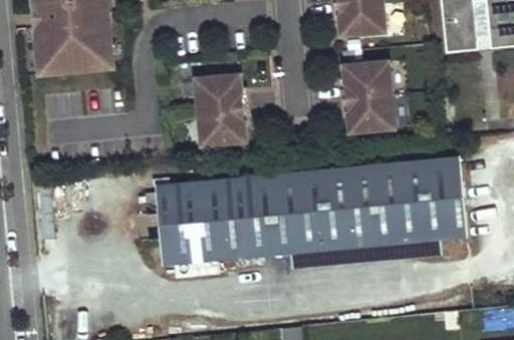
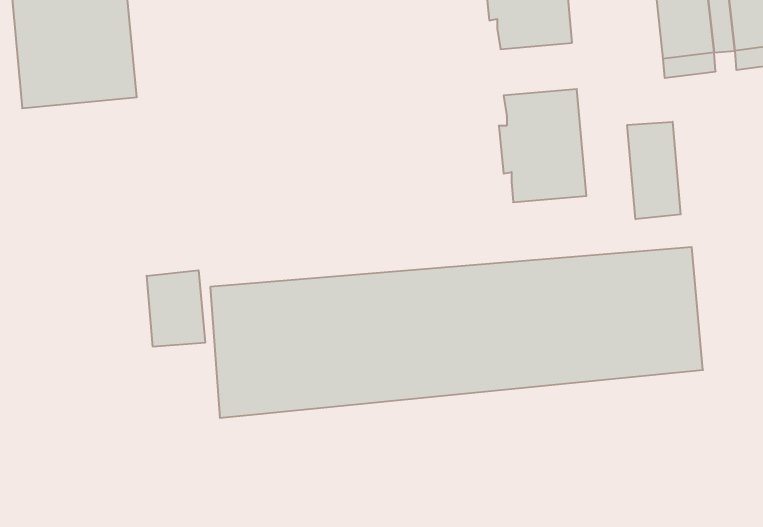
building: [195,73,249,145] -> none
building: none -> [627,122,681,219]
building: none -> [147,270,205,347]

